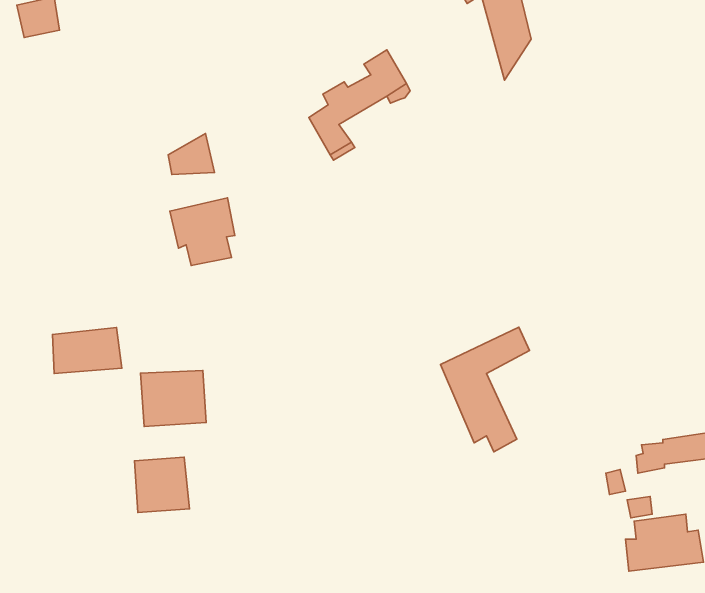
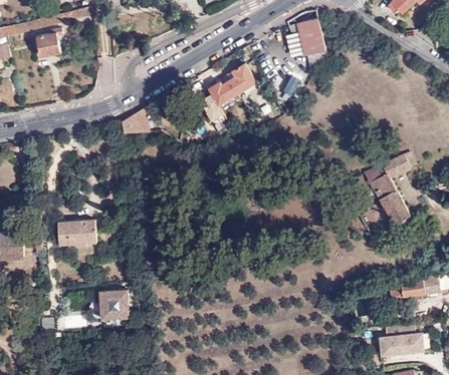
building: [170,198,235,265] -> none
building: [440,327,529,452] -> [365,151,415,222]
building: [140,371,206,427] -> none

